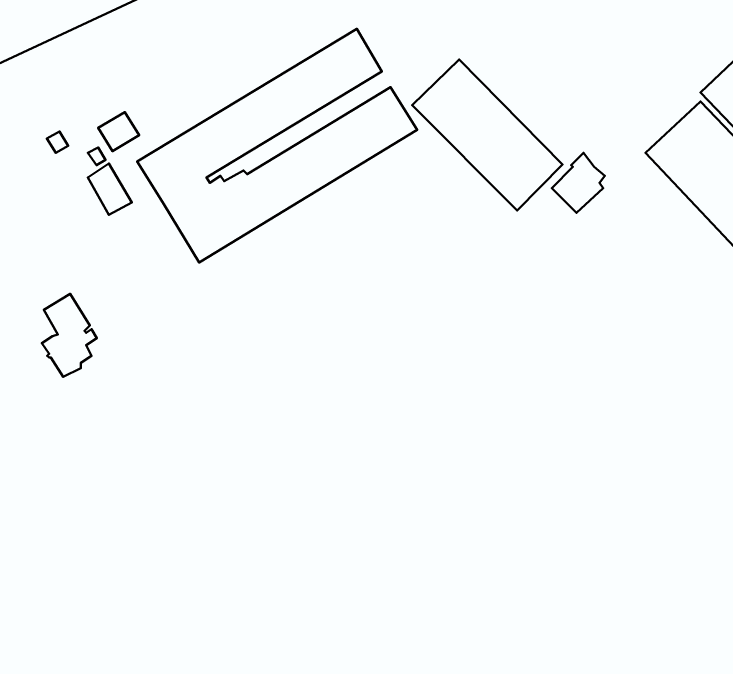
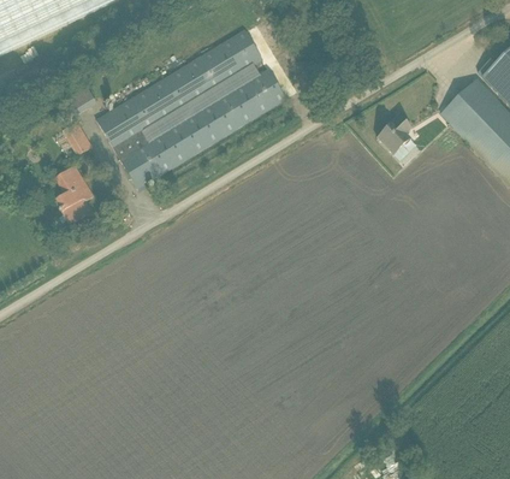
building: [412,60,563,210] -> none
building: [42,294,97,377] -> [54,165,91,221]

